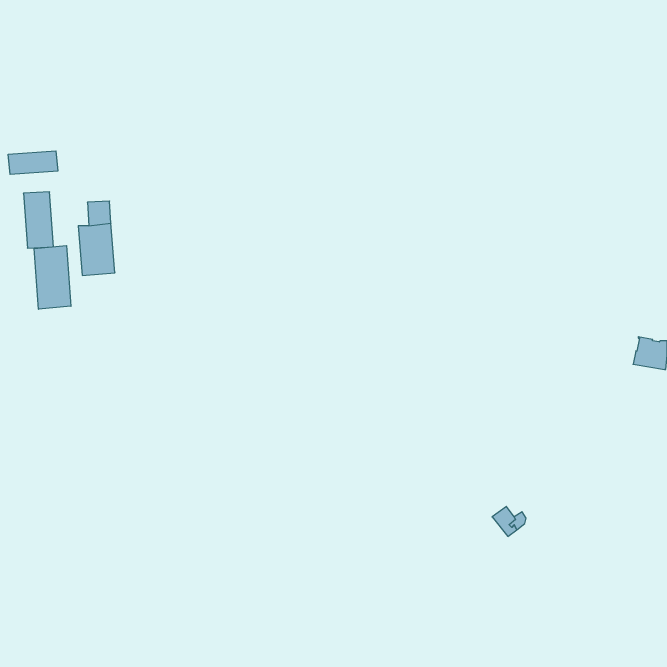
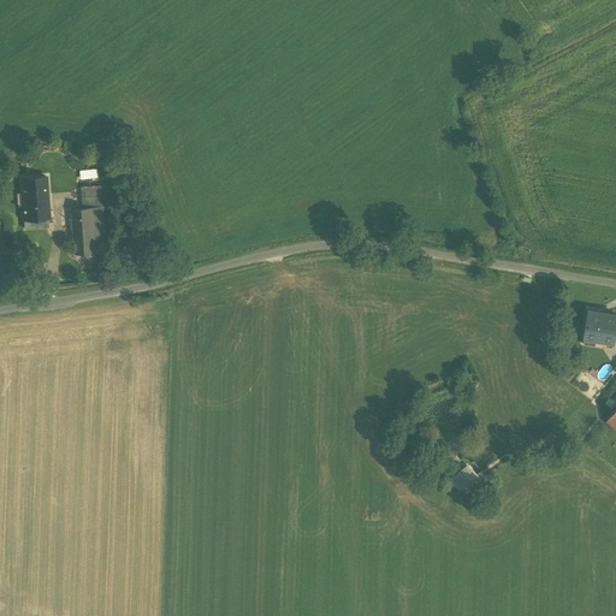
building: [8,151,58,174] -> none
building: [34,246,71,309] -> none

